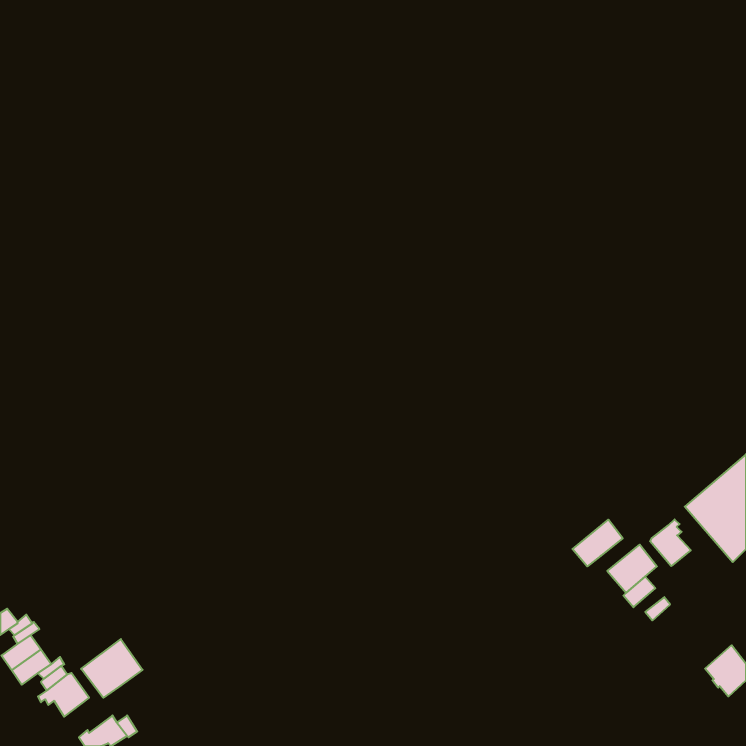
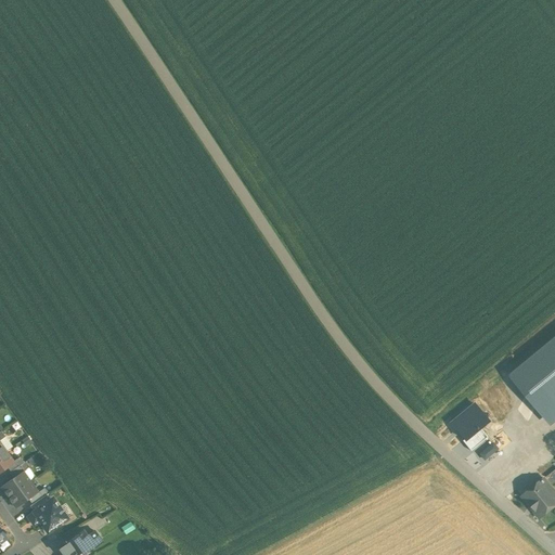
building: [650,519,691,566] -> none
building: [572,520,623,566] -> none
building: [81,639,143,698] -> none

